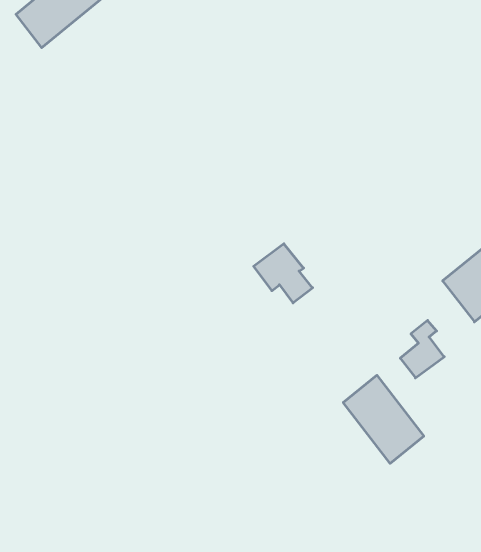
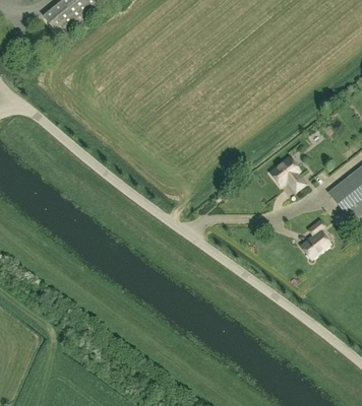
building: [254,244,313,303] -> [266,152,306,192]
building: [343,375,424,463] -> none

